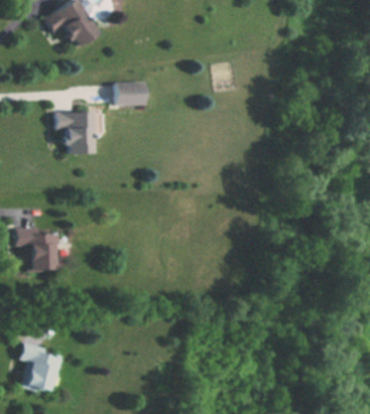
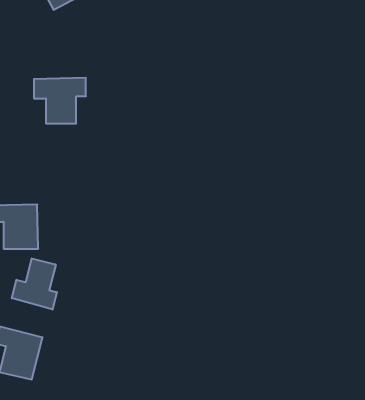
building: [115,82,145,105] -> none
building: none -> [12,258,57,310]

